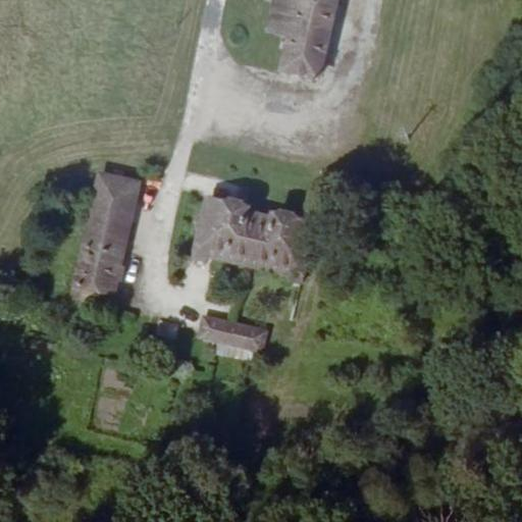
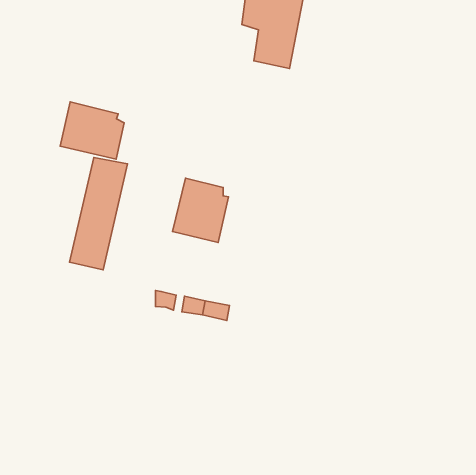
building: none -> [60,102,124,159]
building: [241,207,311,277] -> none

